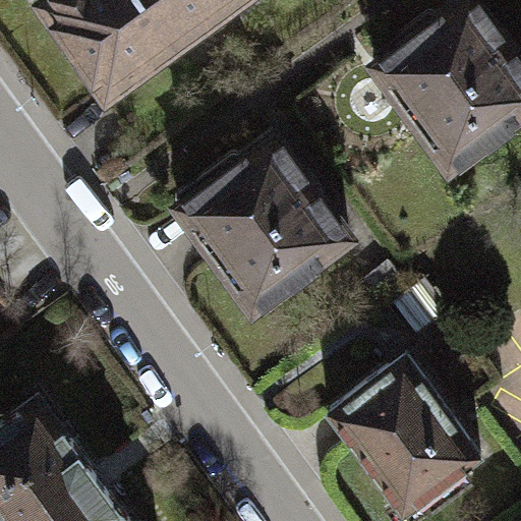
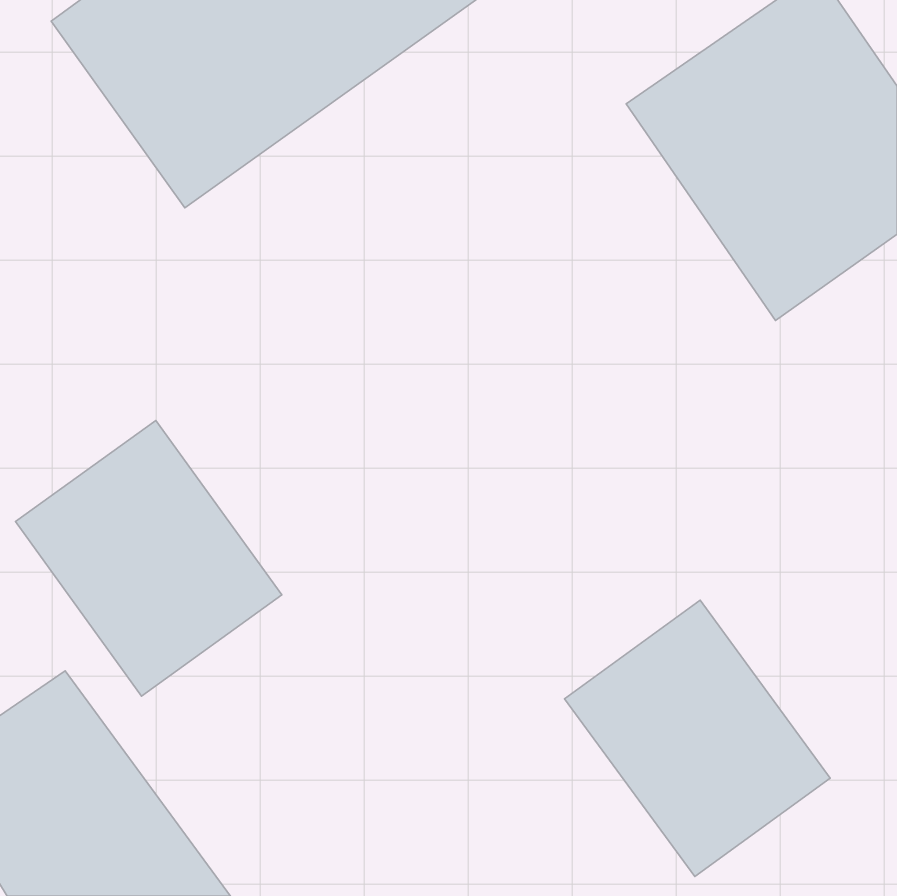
building: [164,127,359,326] -> none
building: none -> [15,420,282,696]

